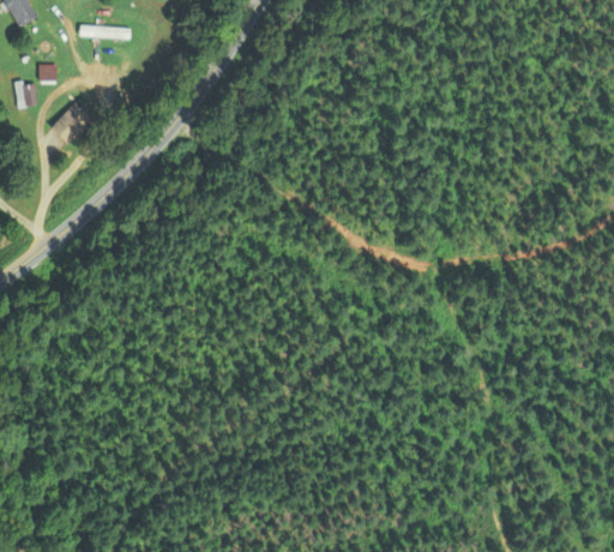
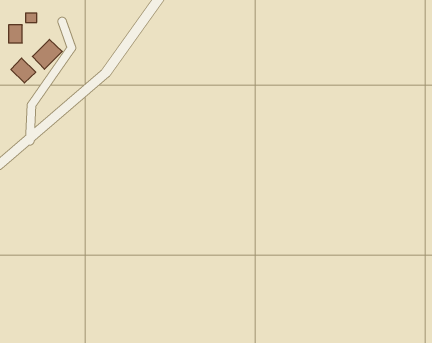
building: none -> [11,58,36,83]

